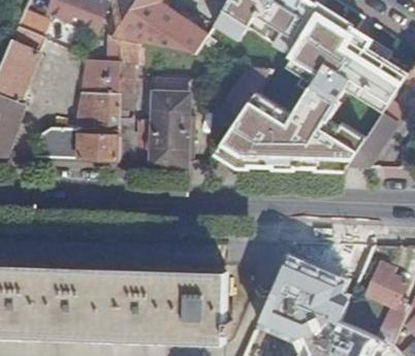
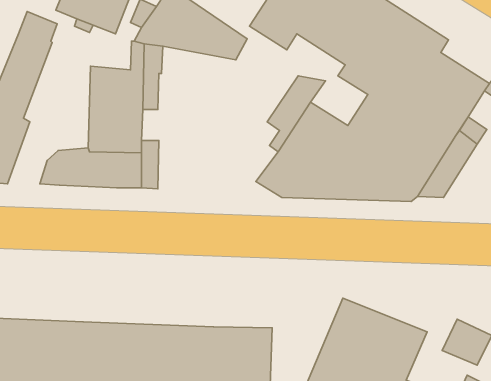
building: [137,80,194,166] -> none

